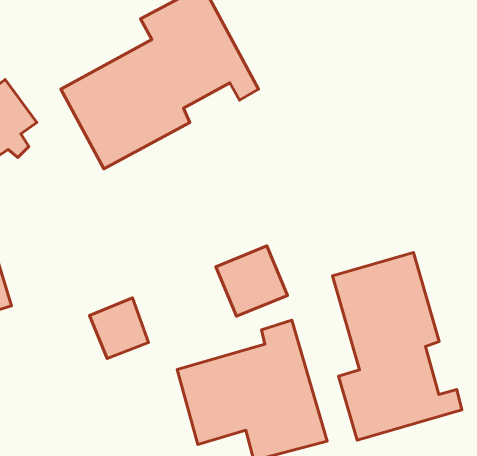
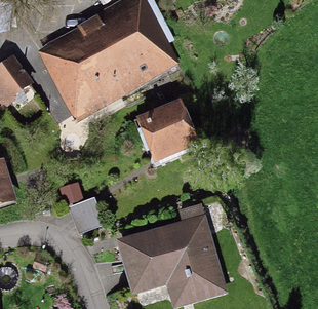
building: [216,246,288,316] -> [144,108,190,153]
building: [333,253,462,440] -> none

